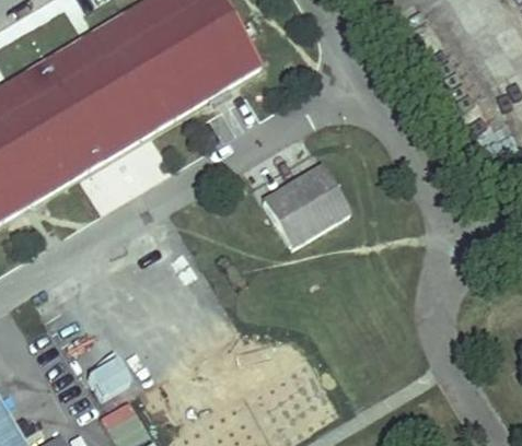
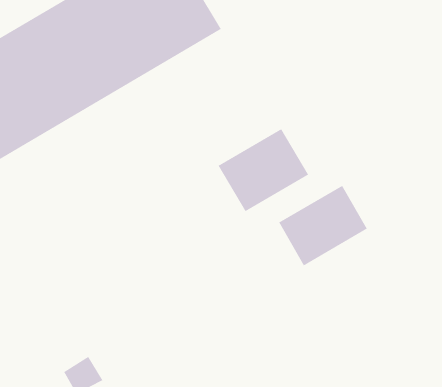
building: none -> [278,185,368,266]

